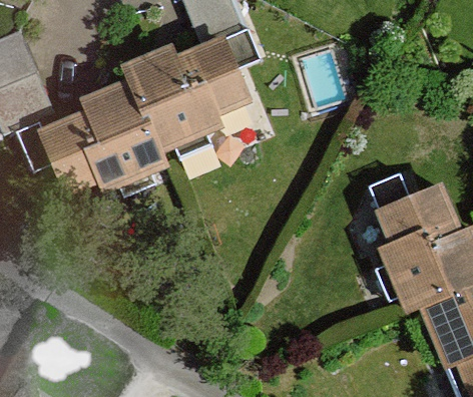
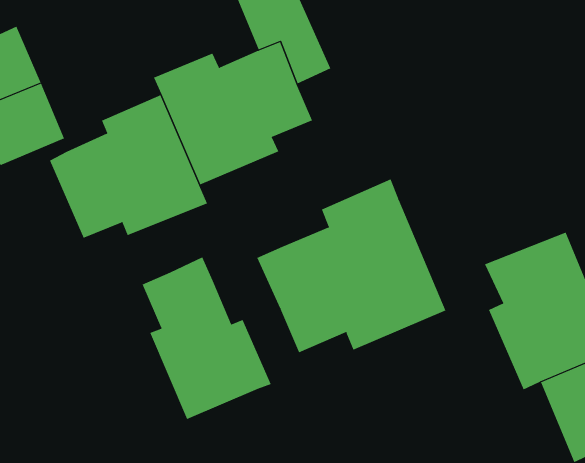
building: none -> [256,178,446,353]
building: none -> [142,256,272,420]

